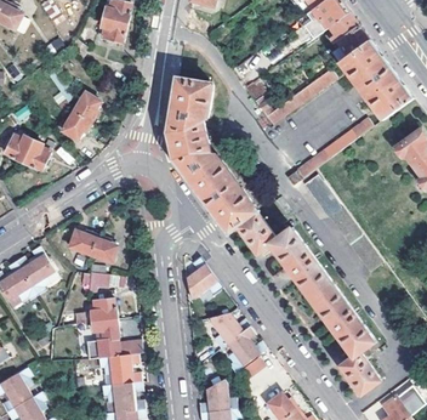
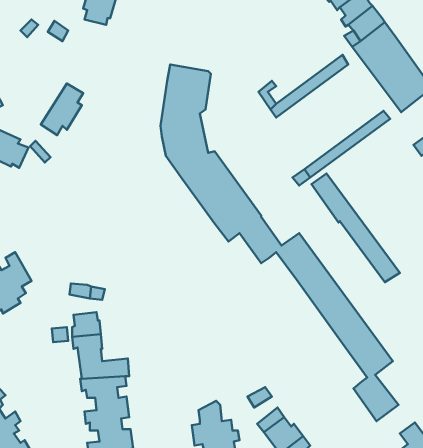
building: [68,228,114,260] -> none
building: [183,254,220,296] -> none
building: [206,306,264,368] -> none

